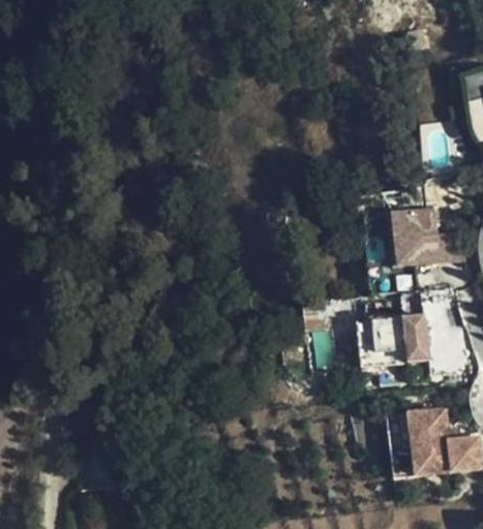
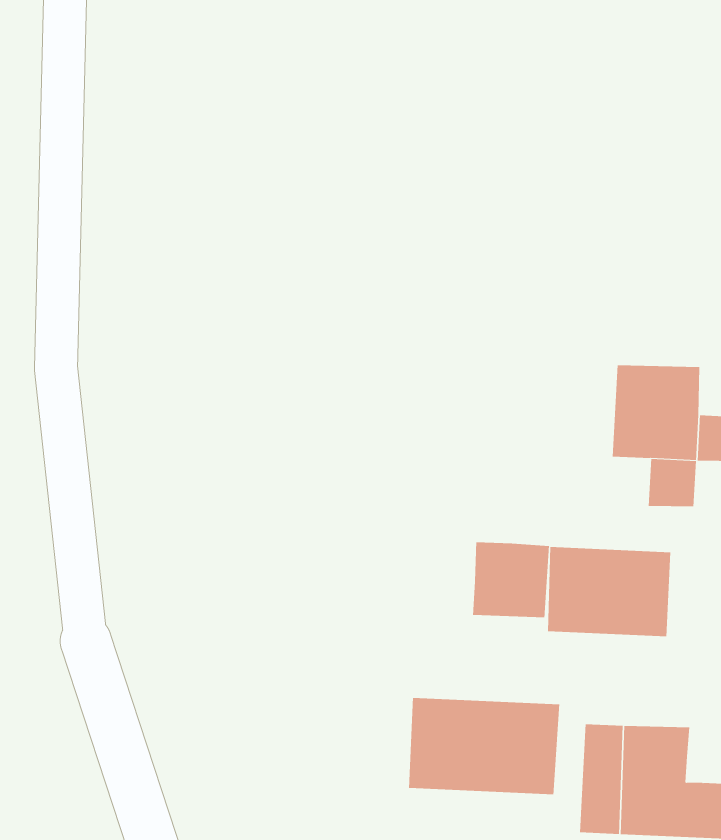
building: none -> [473,541,550,618]
building: none -> [409,697,560,795]

